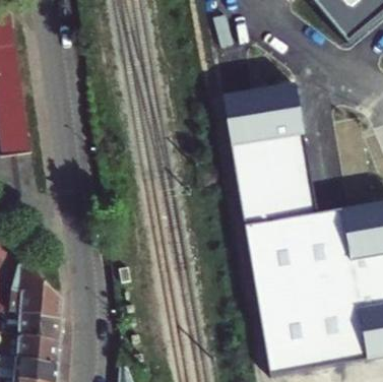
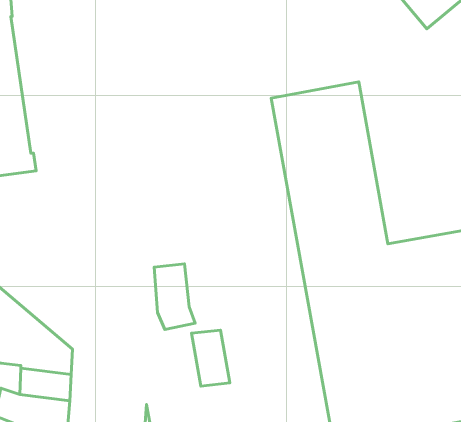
building: none -> [154,264,195,330]
building: none -> [191,330,230,386]

